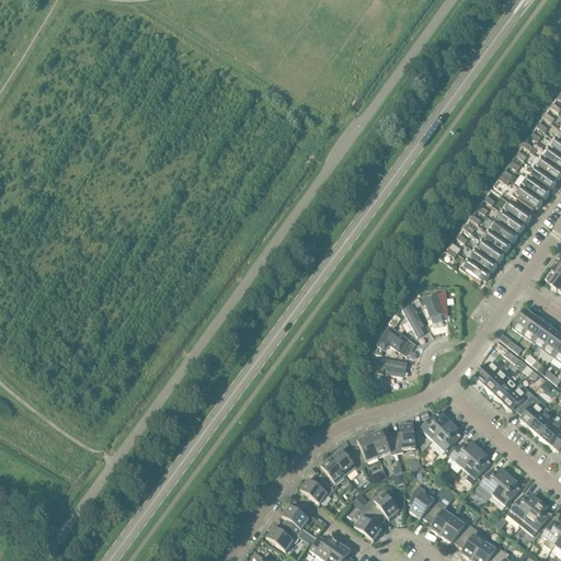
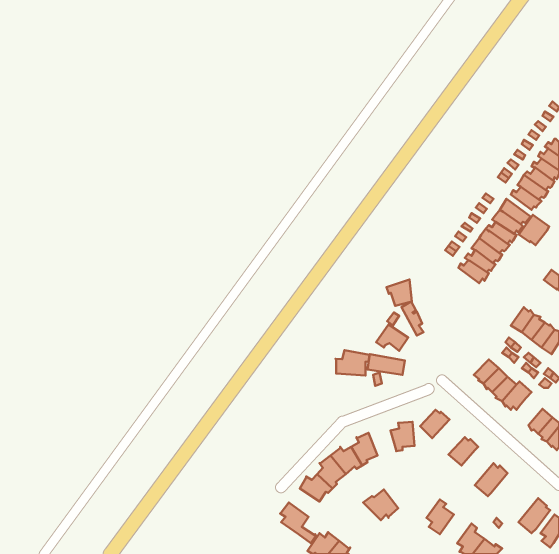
building: none -> [519,215,549,245]
building: [422,289,447,316] -> [387,280,412,306]
building: none -> [335,350,370,376]
building: [517,393,547,426] -> none
building: [433,421,461,451] -> none
building: [369,428,397,457] -> none
building: [462,448,490,482] -> none
building: [492,474,520,505] -> none
building: [409,484,440,519] -> none
building: [507,491,539,524] -> none
building: [354,504,381,540] -> none
building: [440,516,472,545] -> none
building: [266,524,299,551] -> none

